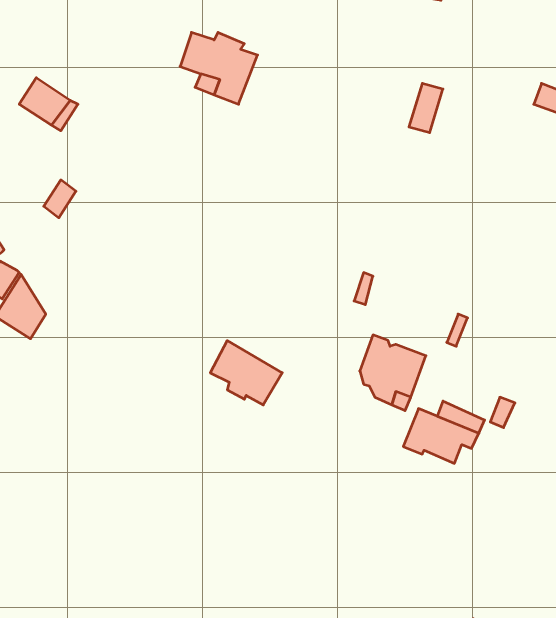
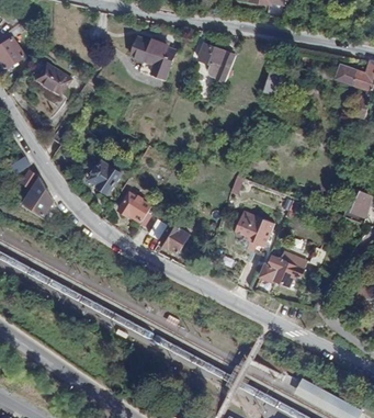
building: none -> [196,43,234,81]
building: none -> [88,160,120,193]
building: none -> [116,192,149,222]

